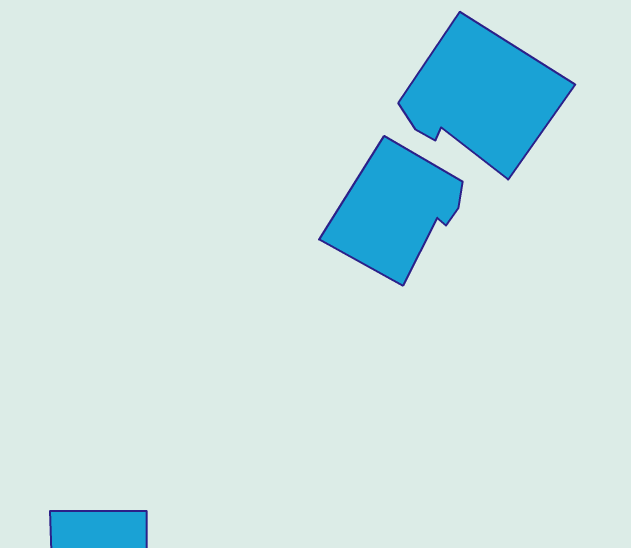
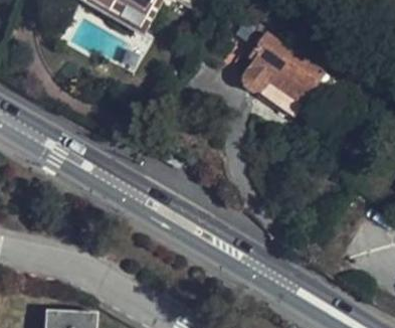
building: [319,136,462,286] -> none

